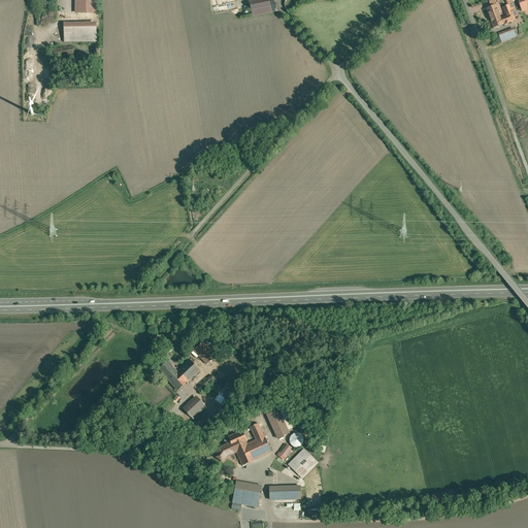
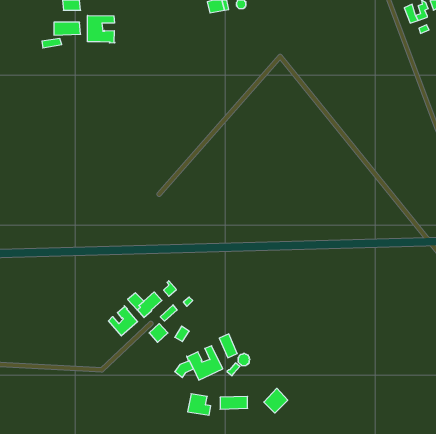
building: none -> [88,15,115,43]
building: none -> [108,306,138,336]
building: [287,446,316,475] -> [264,388,288,413]

